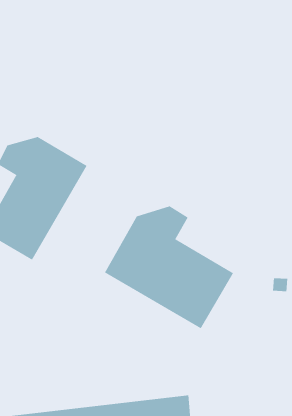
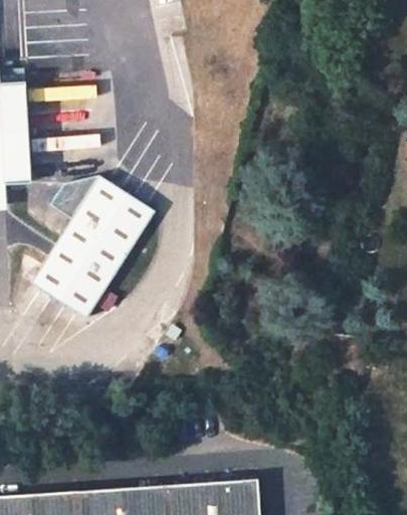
building: [104,206,234,329] -> none

